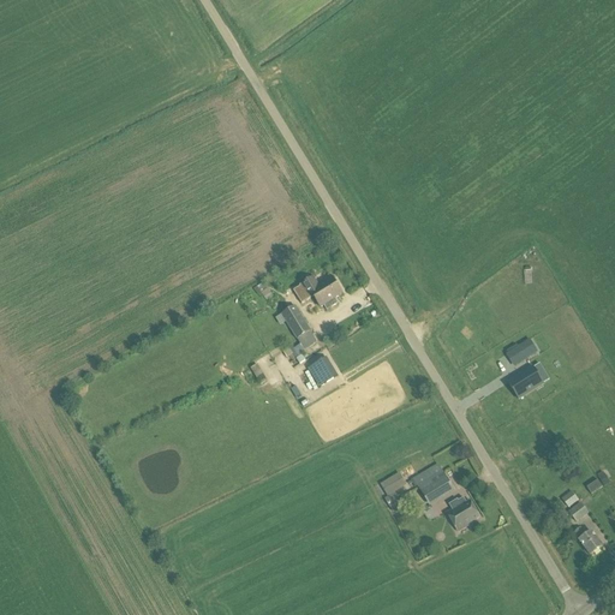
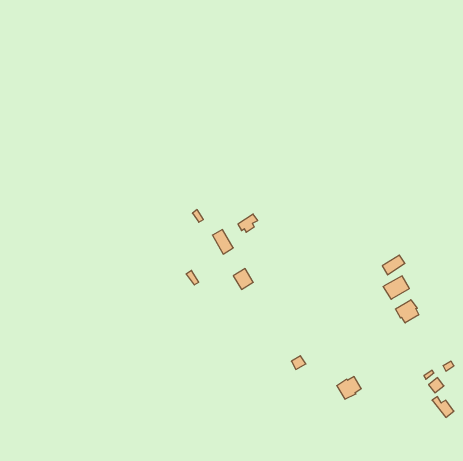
building: [292,275,335,301] -> none
building: none -> [395,300,419,323]
building: [413,462,452,502] -> none

